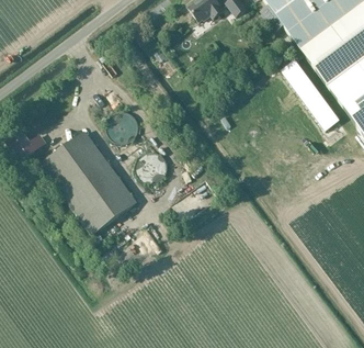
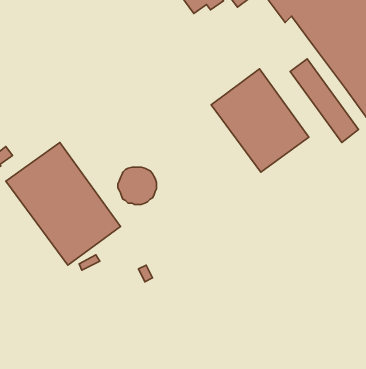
building: none -> [211,69,309,172]
building: [106,110,138,143] -> none

